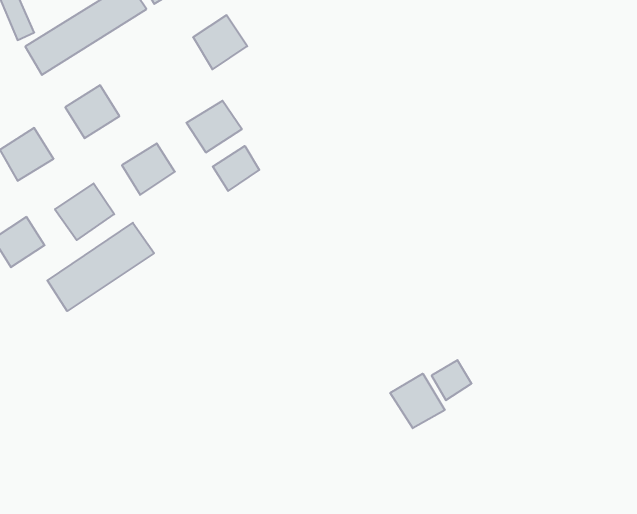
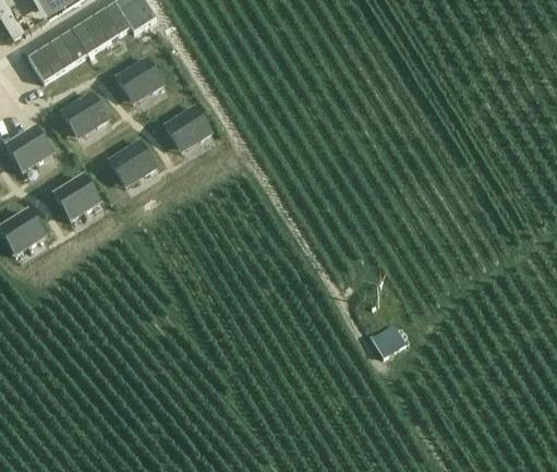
building: [193,15,247,69] -> [117,56,162,101]
building: [213,146,259,191] -> none
building: [47,223,154,311] -> none
building: [390,374,445,428] -> none

